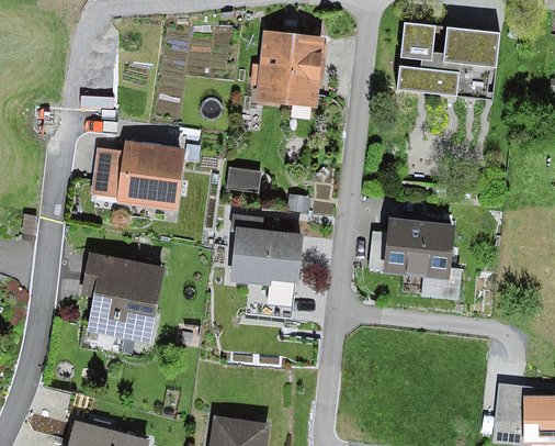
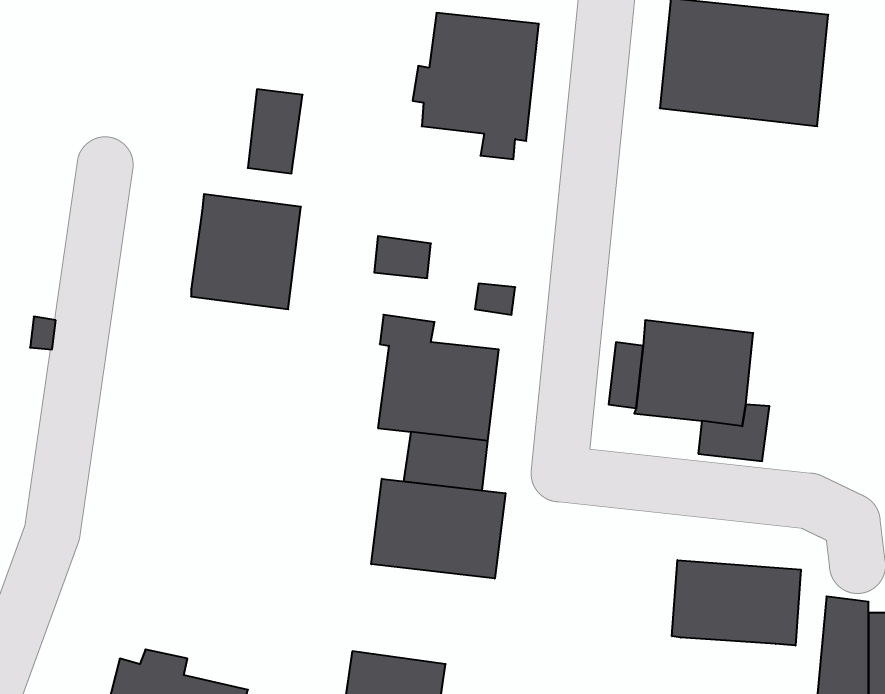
building: [91,147,124,198] -> [248,89,303,173]
building: [81,254,163,342] -> none
building: none -> [371,479,505,579]
building: none -> [672,560,801,646]

